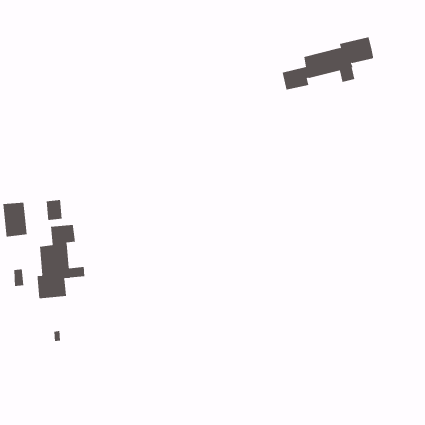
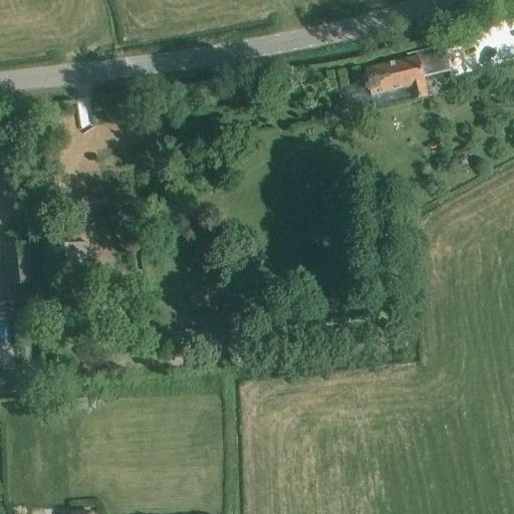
building: [37,224,85,299] -> none

